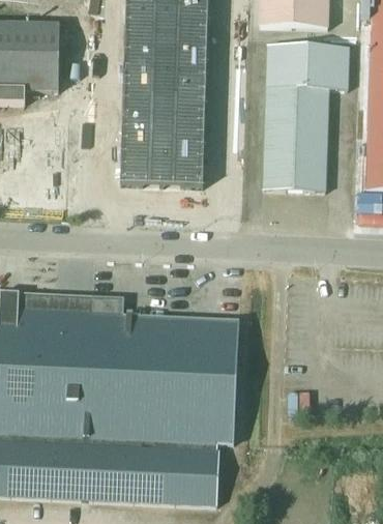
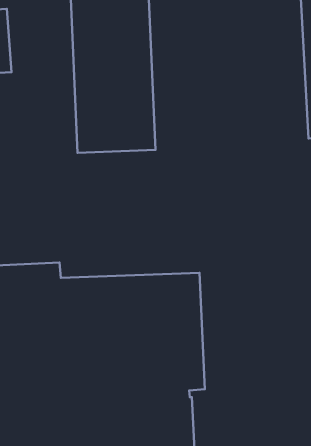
building: [262,43,348,191] -> none

